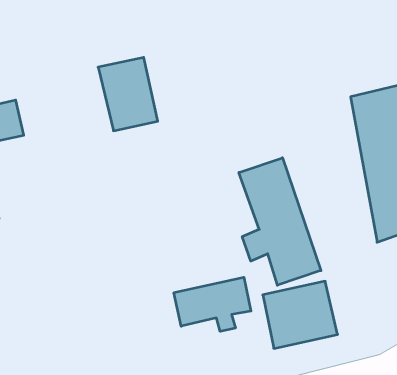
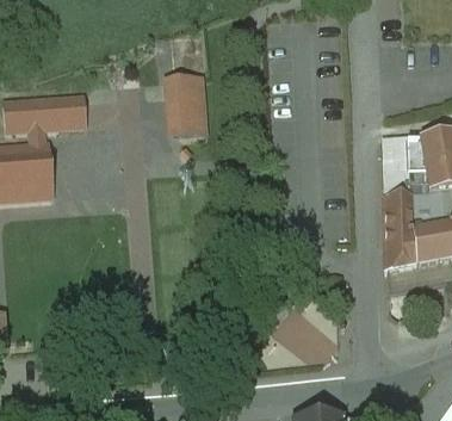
building: [239,158,321,285] -> none
building: [174,277,251,331] -> none

